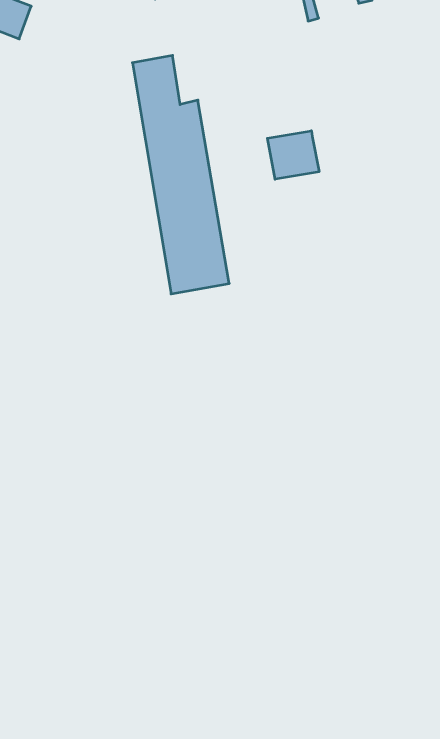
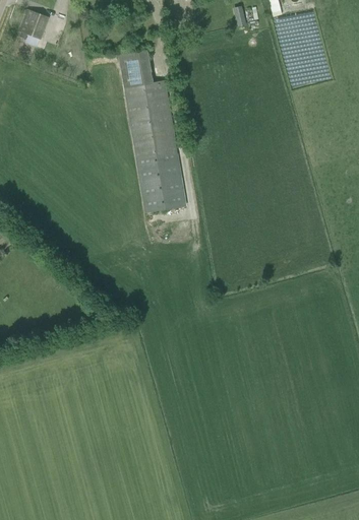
building: [267,131,319,179] -> none

